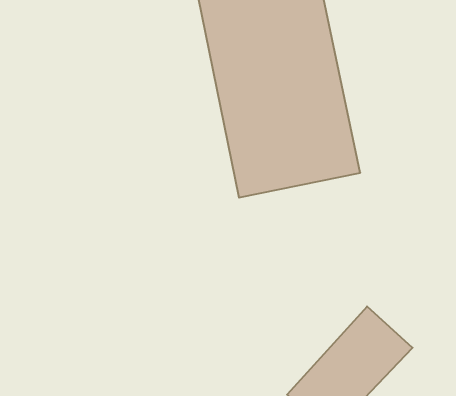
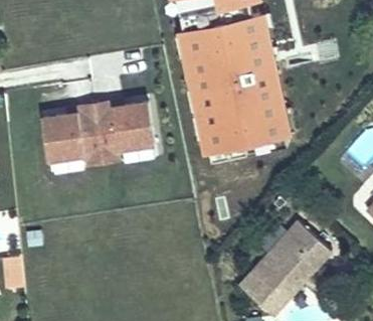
building: none -> [41,106,155,168]

